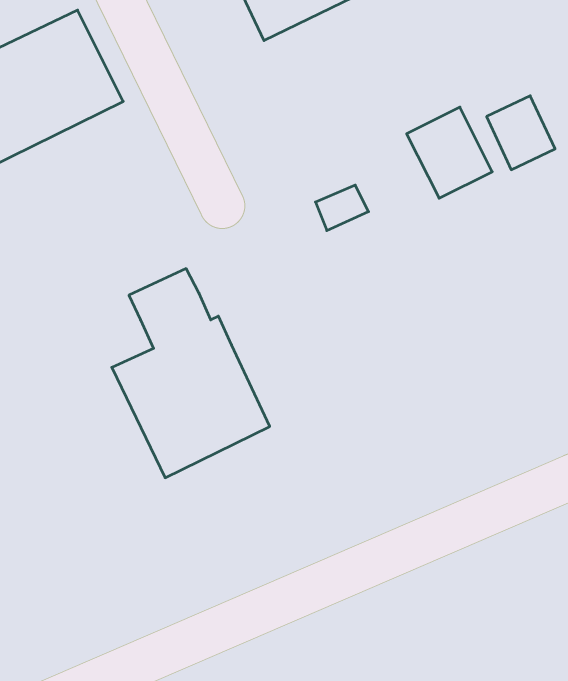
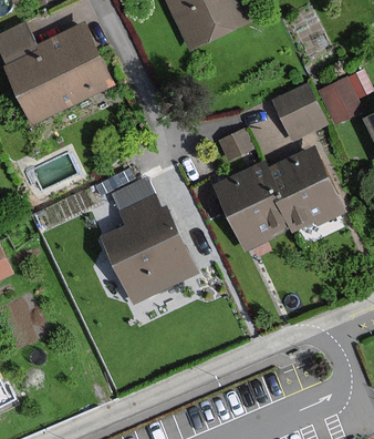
building: none -> [215,149,342,248]

